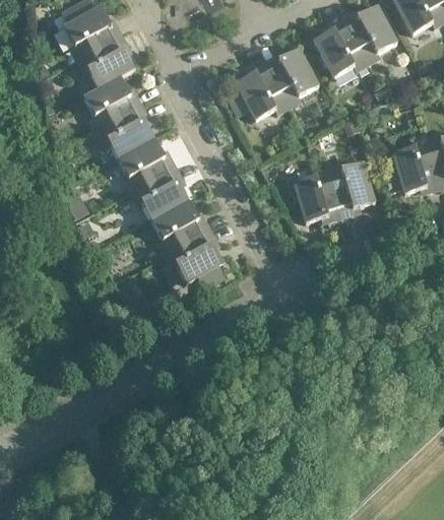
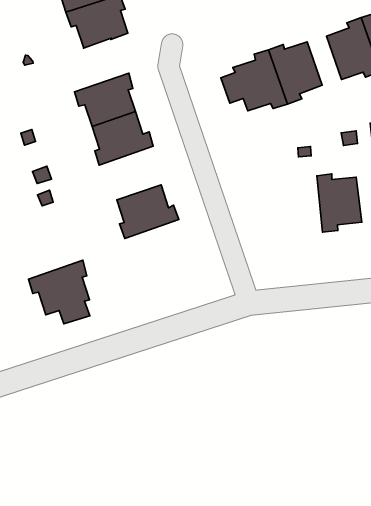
building: [82,75,141,129] -> none
building: [129,166,188,219] -> none
building: [293,167,340,221] -> none
building: [164,228,225,287] -> [28,260,90,324]

